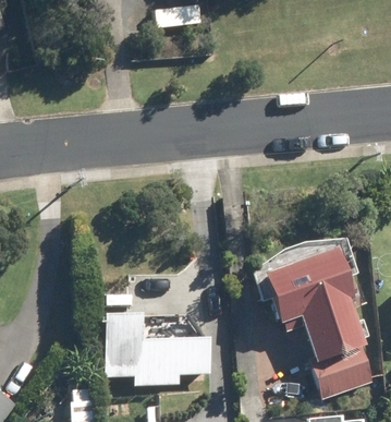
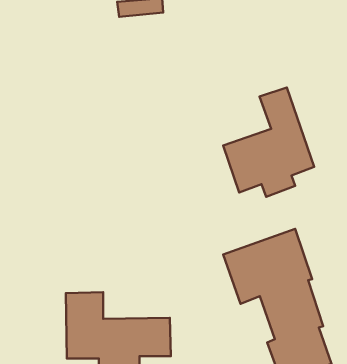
building: none -> [223,88,314,197]

